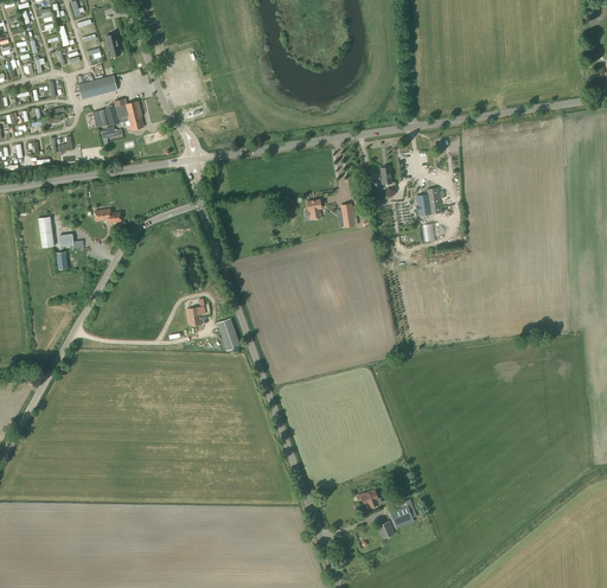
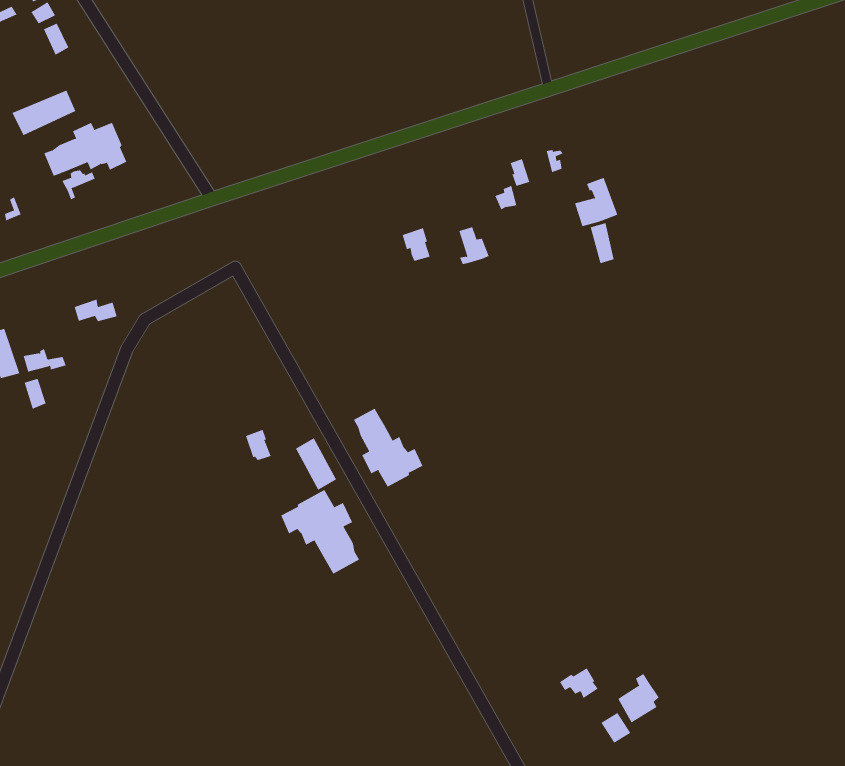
building: none -> [353,408,423,487]
building: none -> [281,489,360,574]

